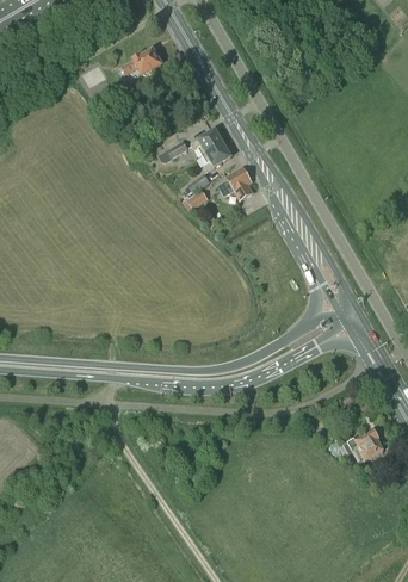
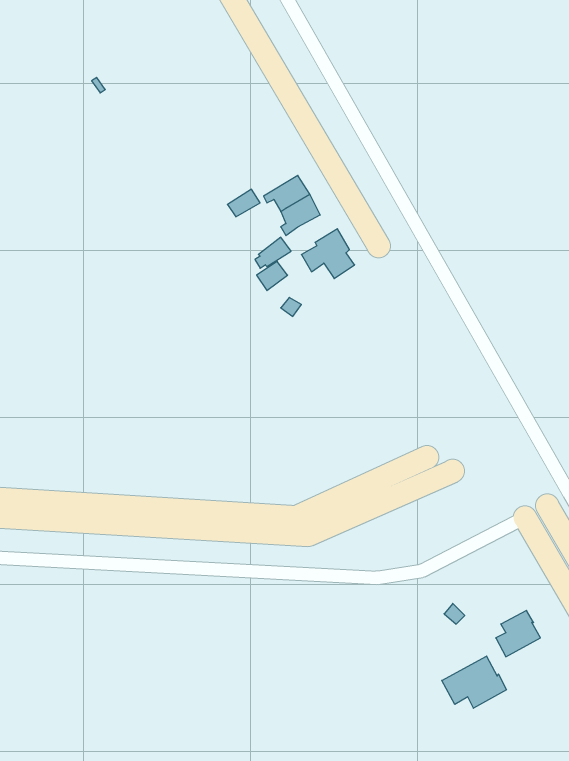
building: [120,49,161,76] -> none
building: none -> [442,656,506,708]

